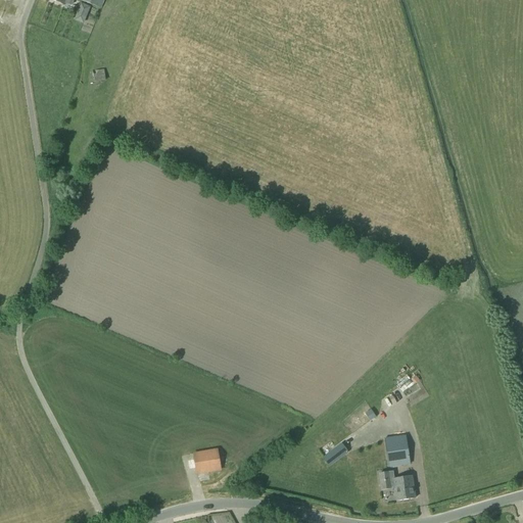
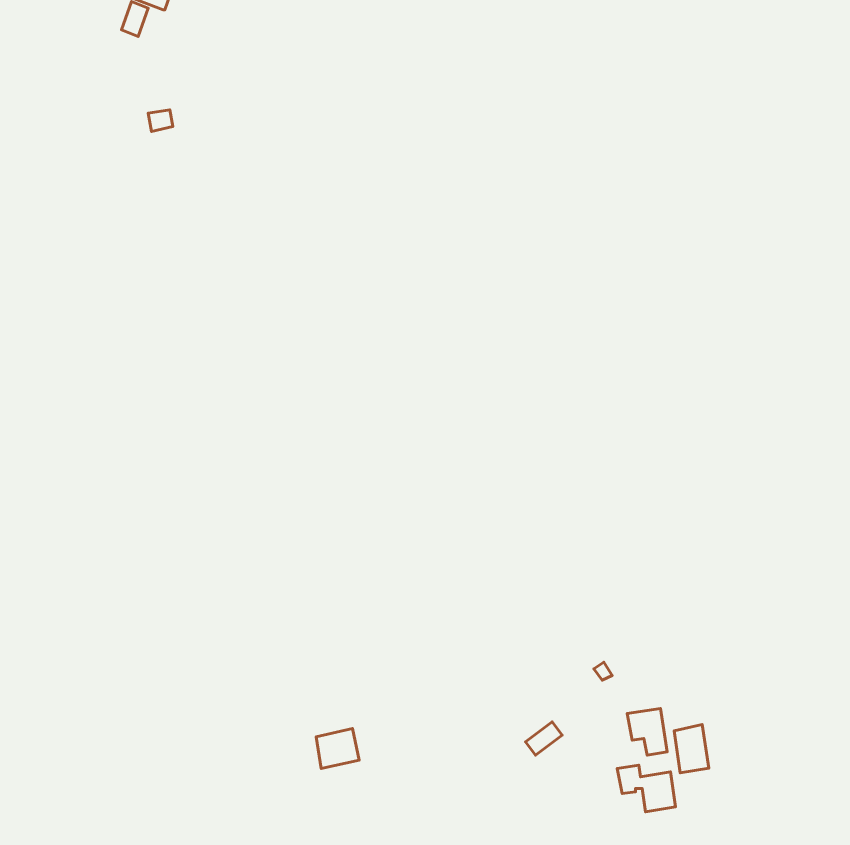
building: none -> [674,724,709,773]

